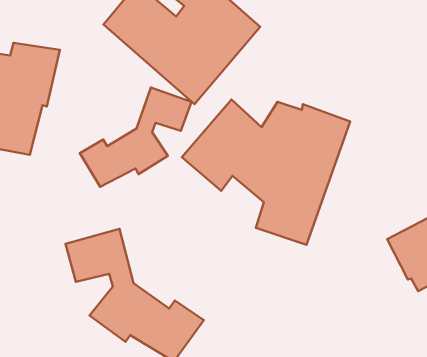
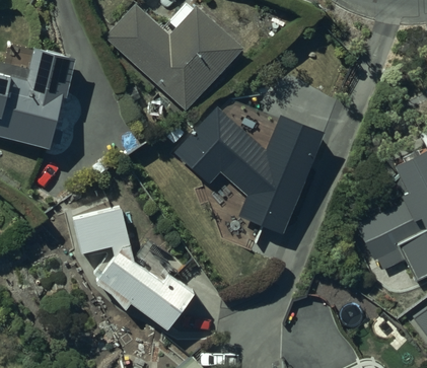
building: [80,88,191,187] -> none

